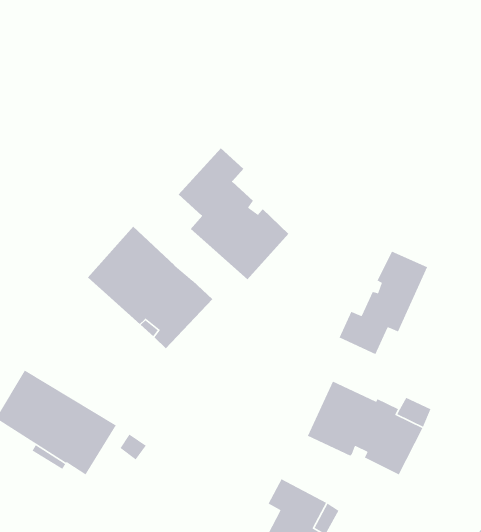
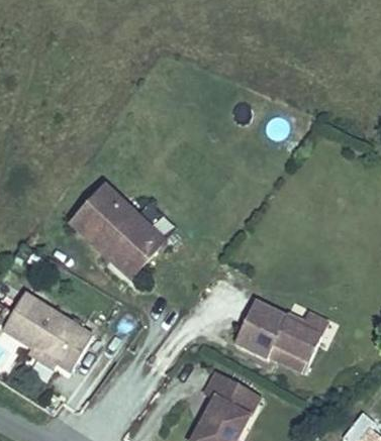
building: [178,147,289,280] -> none
building: [338,250,428,355] -> none

